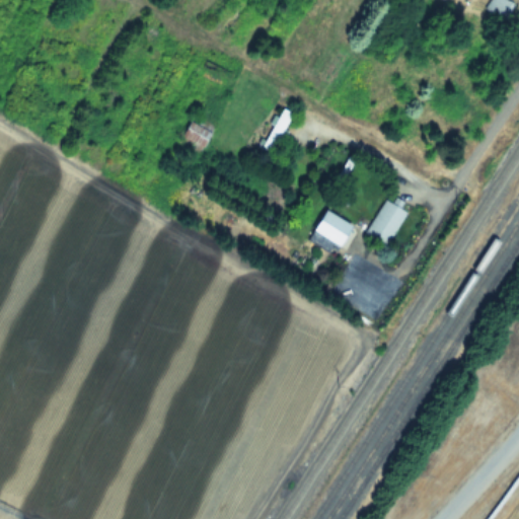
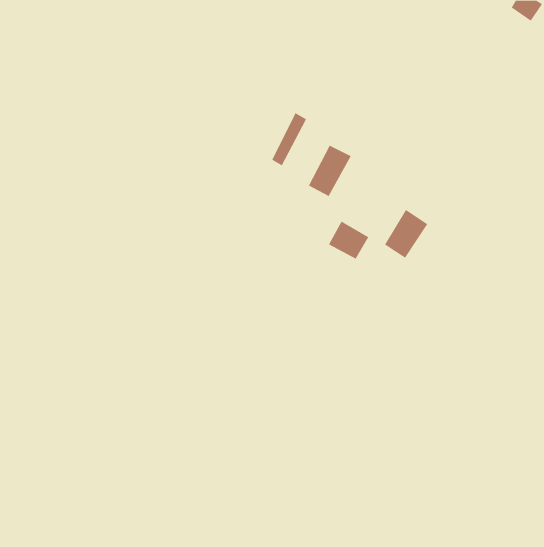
building: [178,114,217,155] -> none
building: none -> [308,145,352,197]

